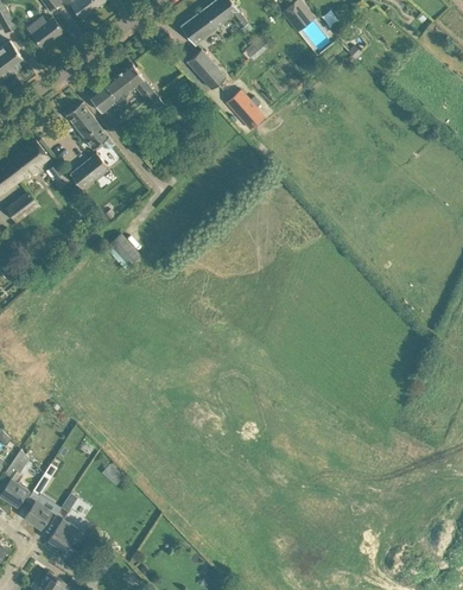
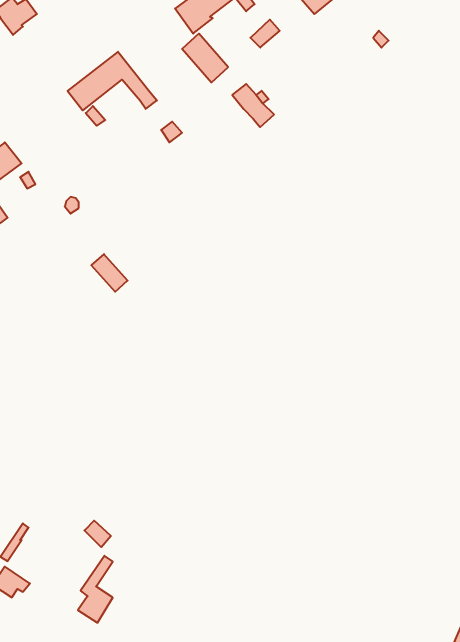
building: [65,102,115,150] -> none
building: [69,153,109,190] -> none
building: [49,493,78,550] -> [78,556,113,623]

